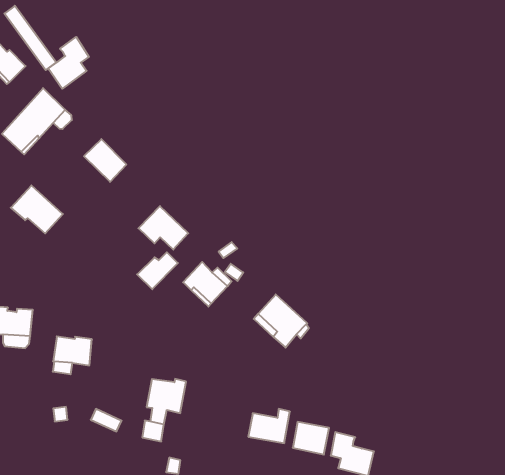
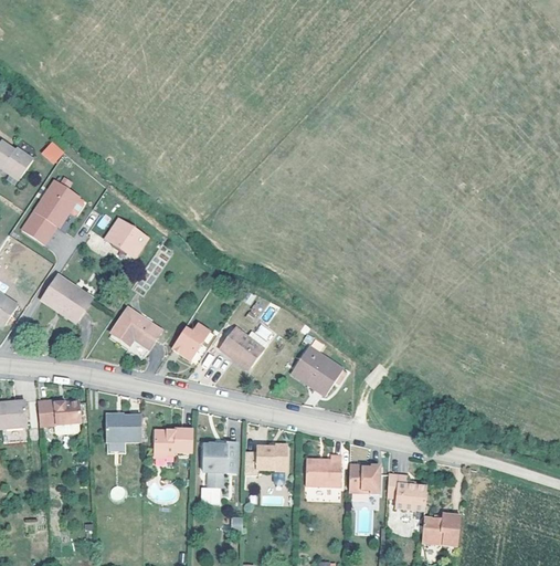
building: [48,37,89,89] -> none
building: [138,206,188,250] -> [113,308,161,348]
building: none -> [154,429,191,457]
building: none -> [243,443,285,475]

